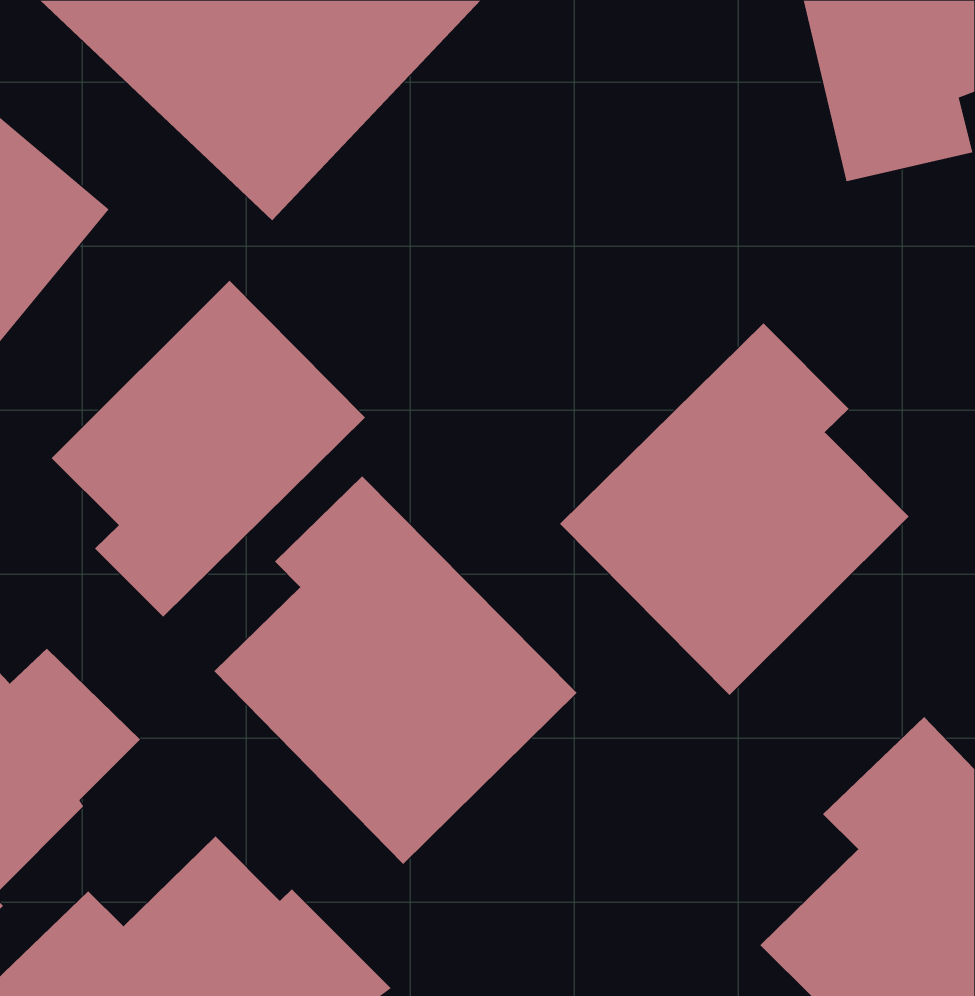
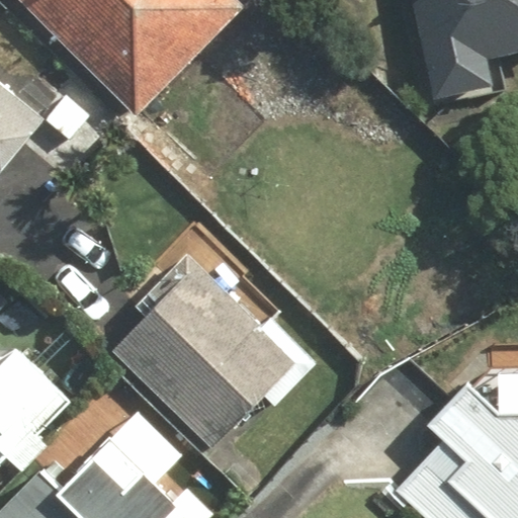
building: [51,280,366,617] -> none
building: [559,323,910,696] -> none

